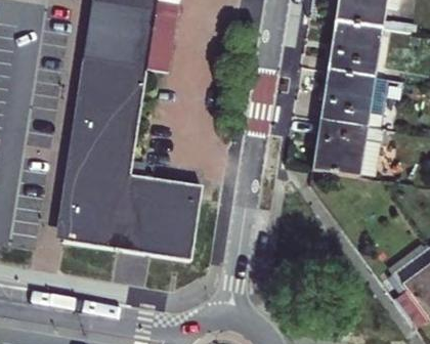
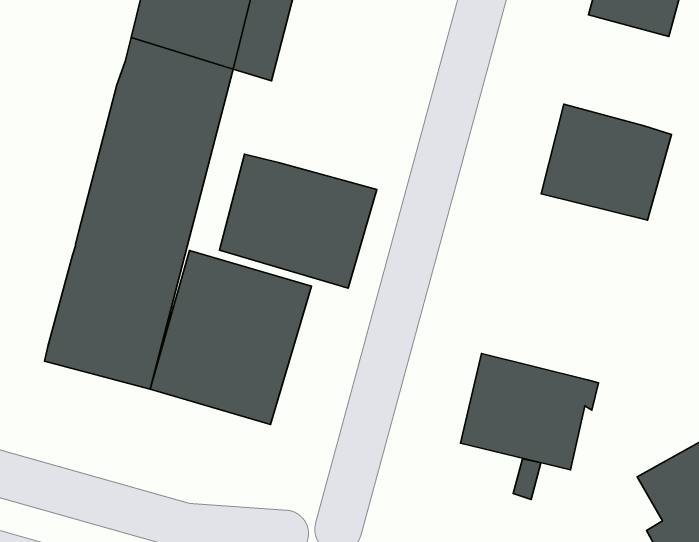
building: [327,18,380,76] -> none
building: none -> [220,154,377,288]
building: [313,119,385,177] -> [461,353,599,470]

